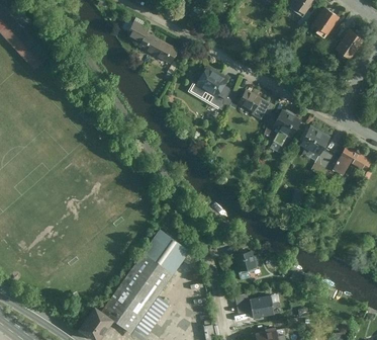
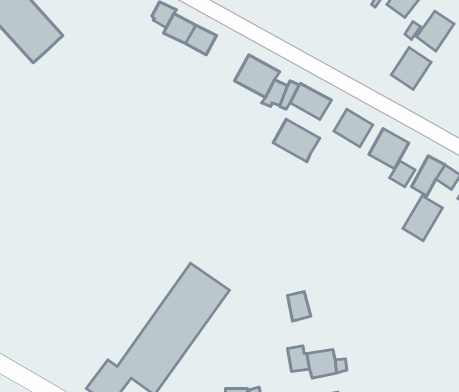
building: none -> [391,47,431,89]
building: none -> [273,119,320,162]
building: none -> [403,196,442,241]

